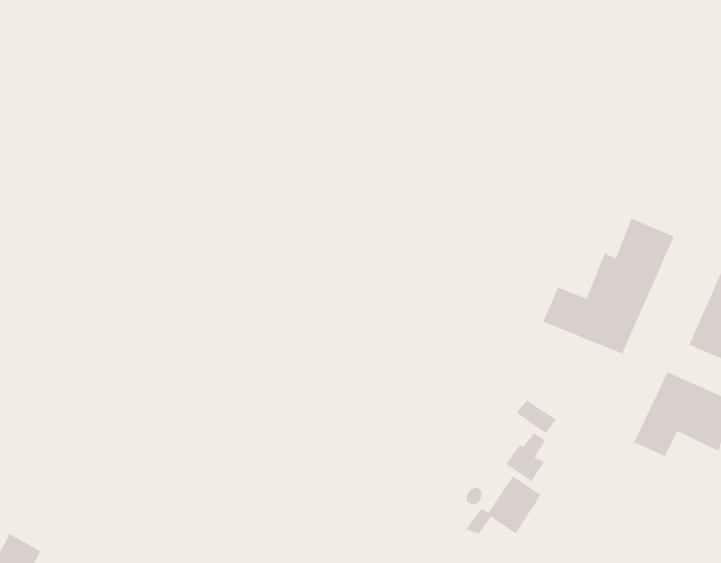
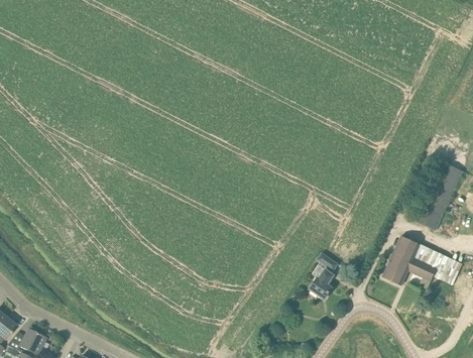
building: [542,218,675,355] -> none
building: [465,475,541,534] -> none

